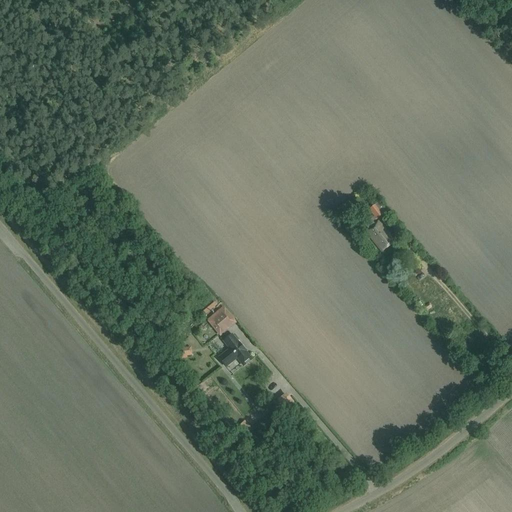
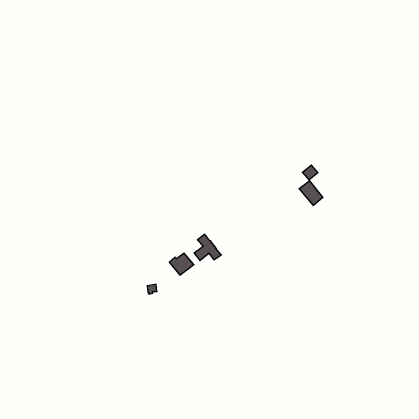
building: [218,334,251,366] -> [194,234,221,261]

